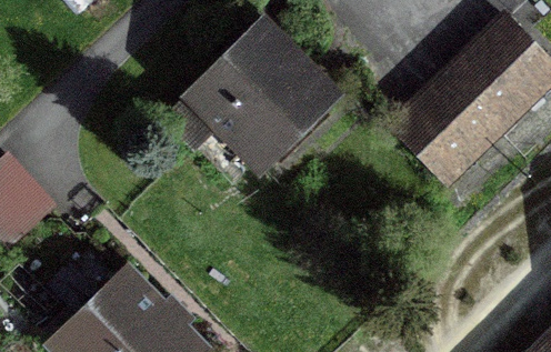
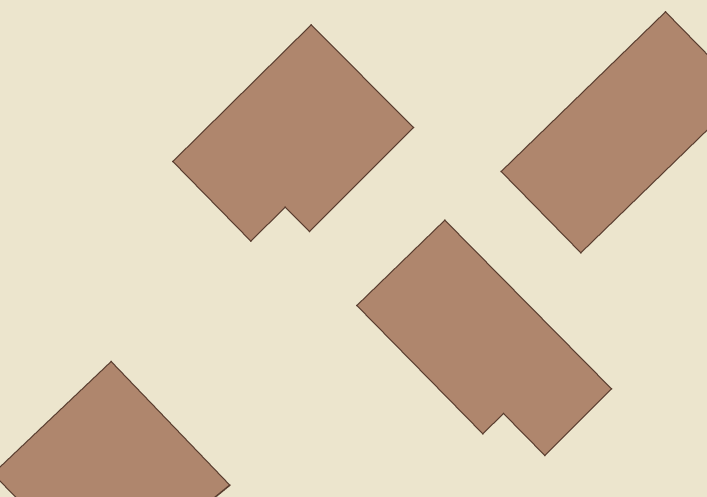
building: none -> [357,220,611,456]

